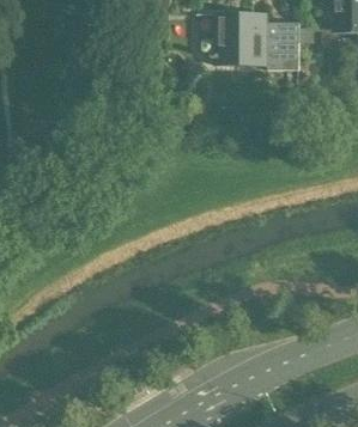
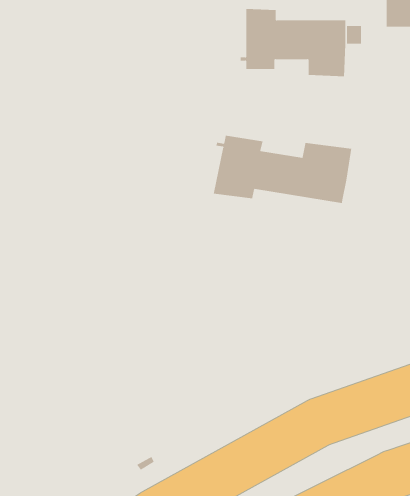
building: none -> [213,135,352,204]

